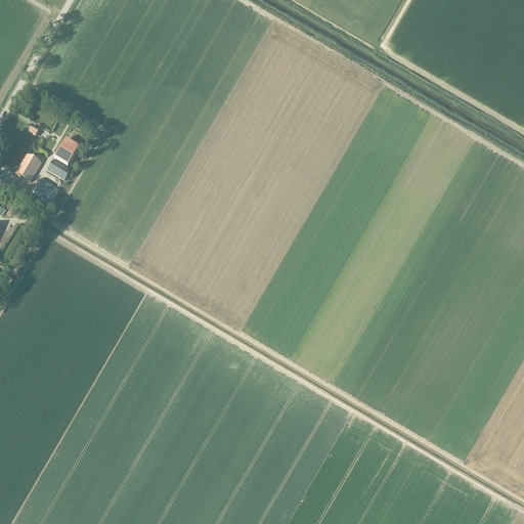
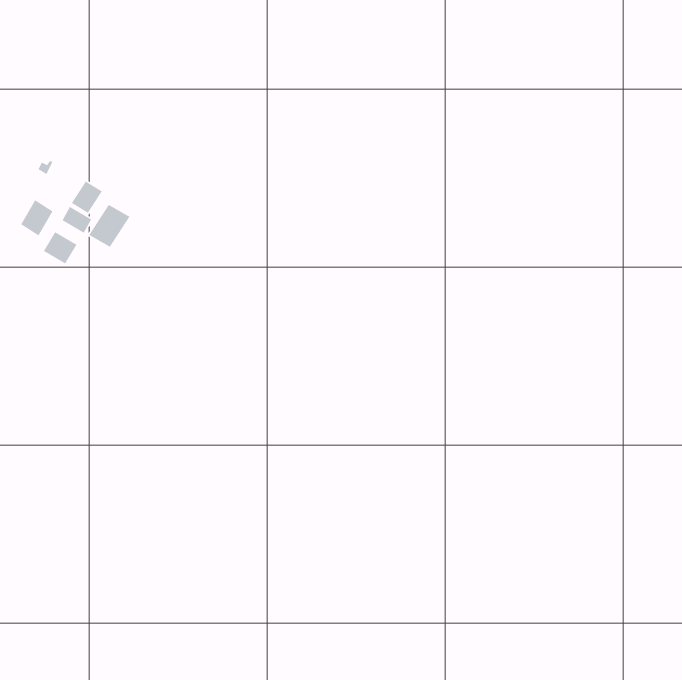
building: none -> [88,204,130,248]

